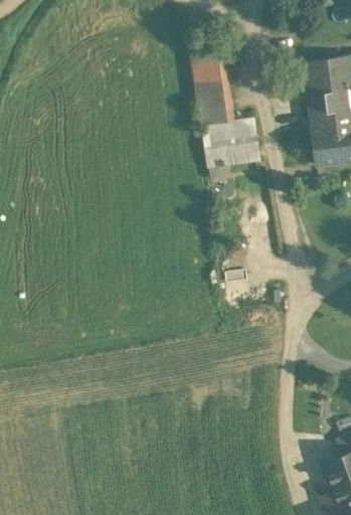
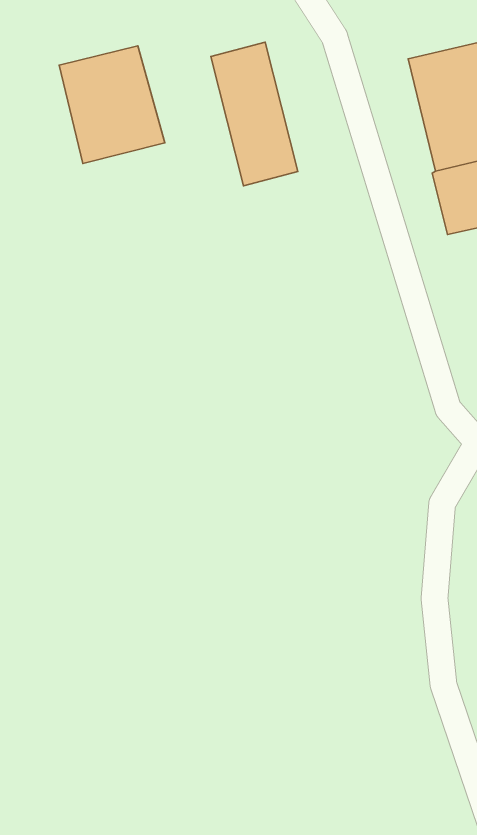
building: none -> [59,46,165,163]
building: [200,119,258,170] -> none

